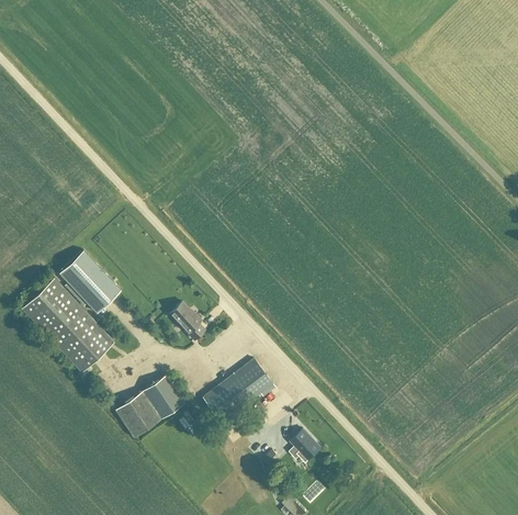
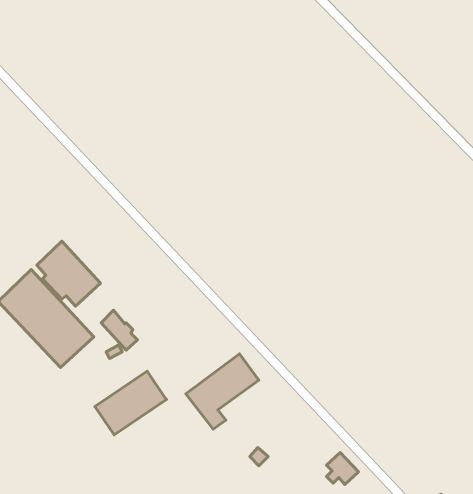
building: [170,302,205,340] -> [101,310,138,350]
building: [290,429,320,460] -> [326,453,358,484]

